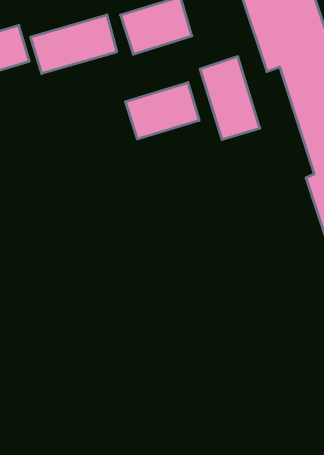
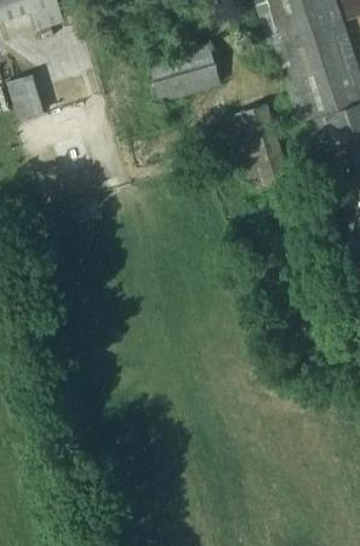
building: [31,15,117,74] -> none
building: [125,82,199,139] -> none

